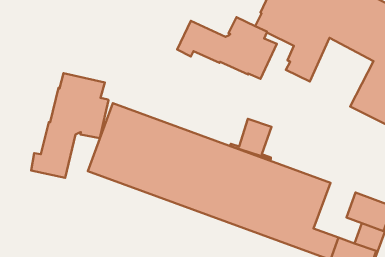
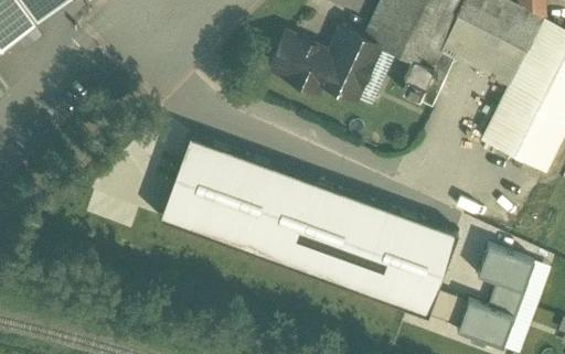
building: [31,73,109,178] -> none
building: [229,119,271,159] -> none

